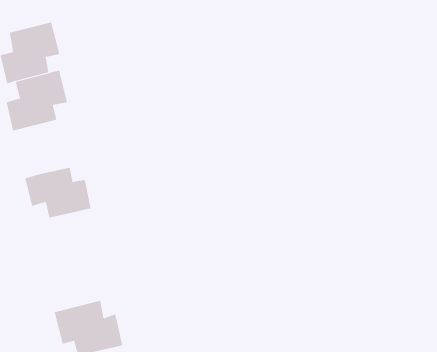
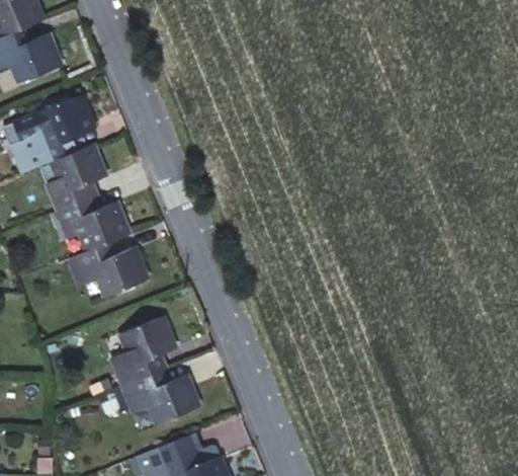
building: none -> [54,191,127,249]
building: none -> [112,319,175,386]

